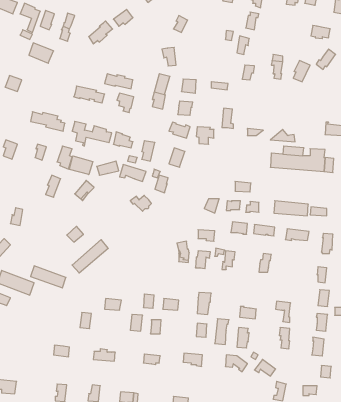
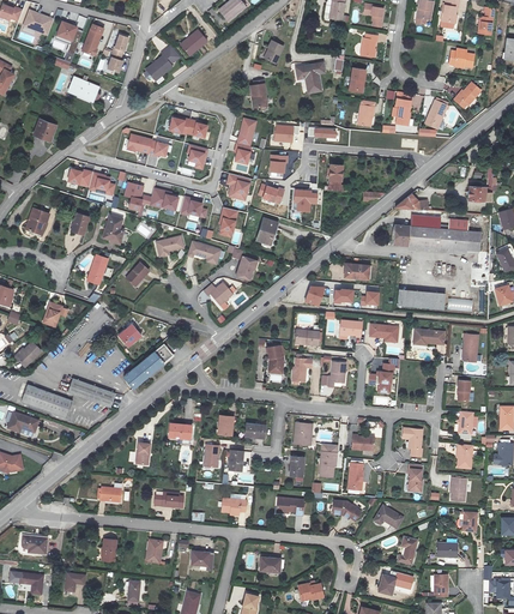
building: none -> [296,61,323,92]
building: none -> [225,173,252,201]
building: [70,156,93,175] -> none

